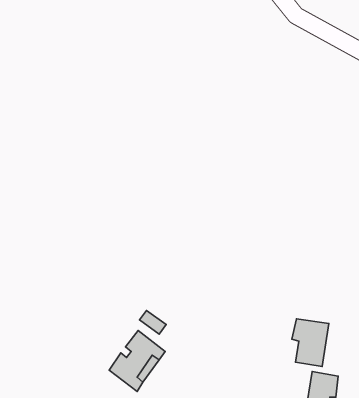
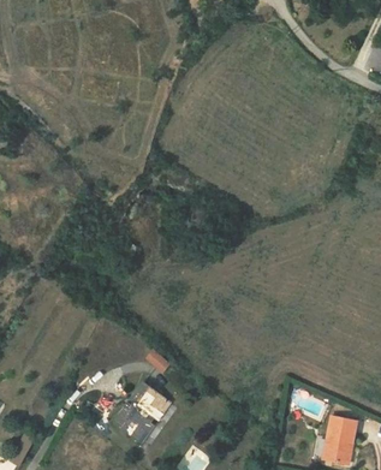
building: [292,319,329,366] -> none

